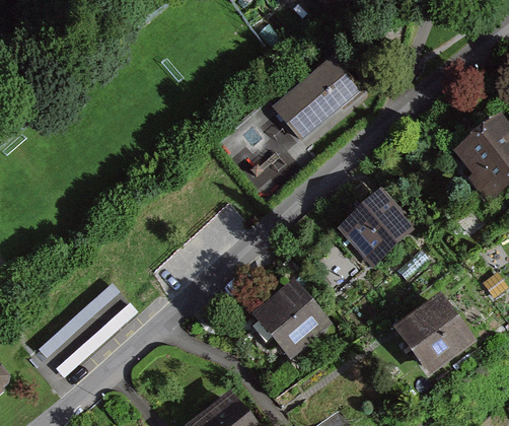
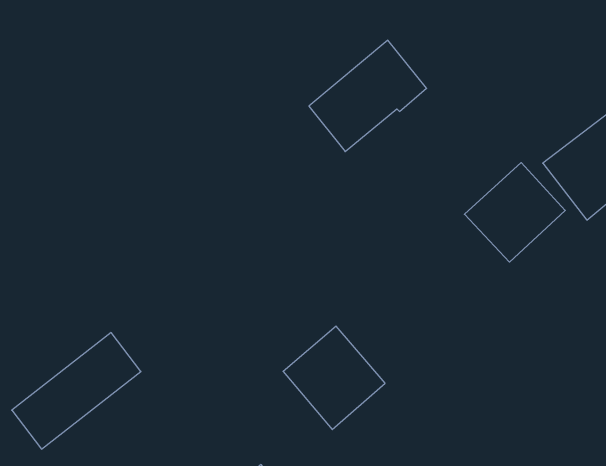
building: [336,190,415,268] -> [464,163,565,262]
building: [391,294,476,378] -> none

